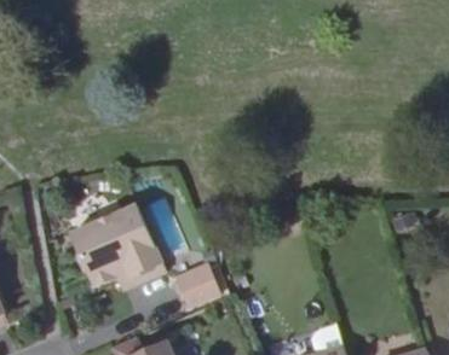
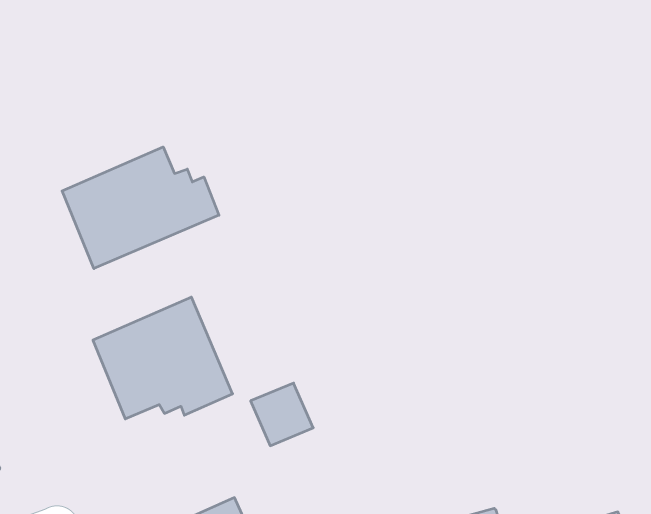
building: none -> [62,147,219,269]

